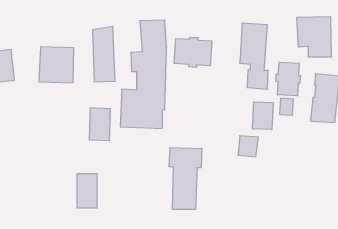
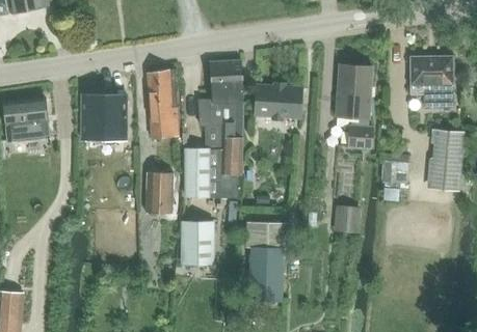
building: [276,62,301,96] -> none
building: [252,102,273,130] -> none
building: [77,174,97,208] -> [185,222,211,266]

